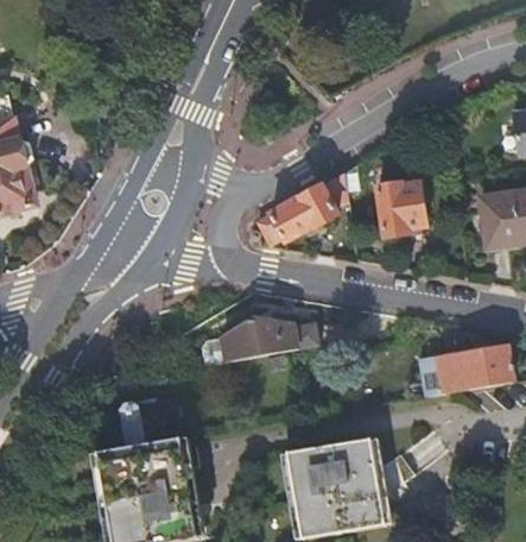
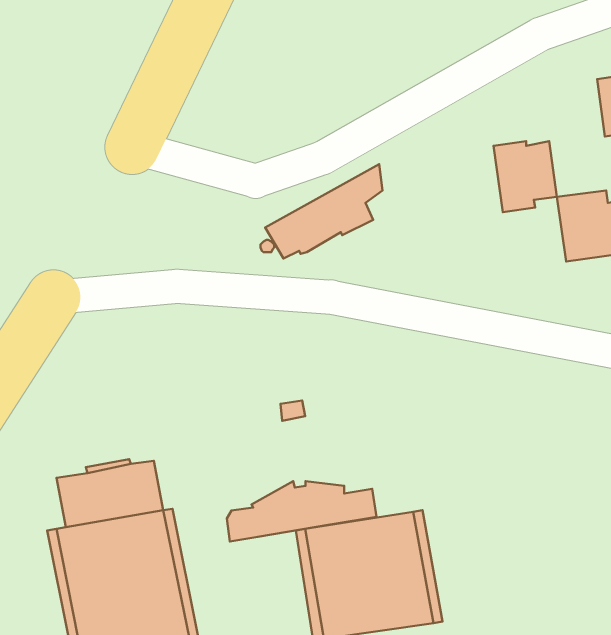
building: [376,183,425,238] -> [494,141,557,212]
building: [203,316,318,363] -> [227,481,377,542]
building: [419,346,513,396] -> none

